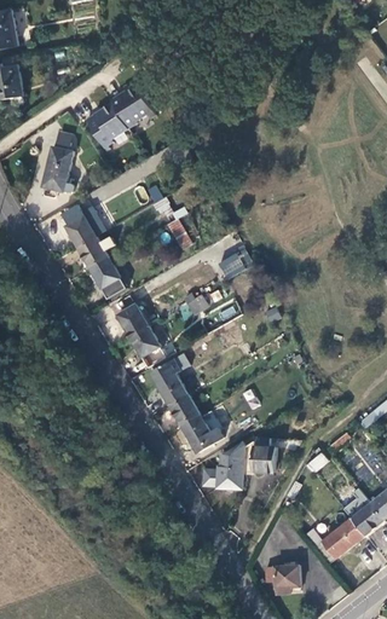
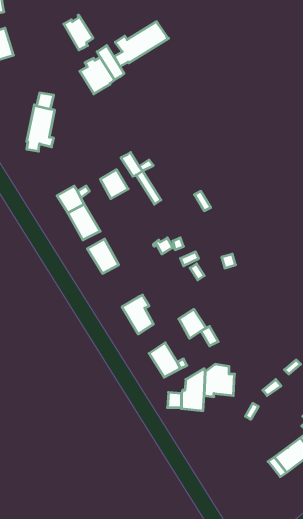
building: none -> [114,22,169,67]
building: [86,109,119,147] -> [64,15,93,50]
building: [65,215,97,248] -> [100,170,128,199]
building: [128,325,160,357] -> none
building: [168,392,198,424] -> [179,309,206,338]
building: [264,566,298,585] -> none

